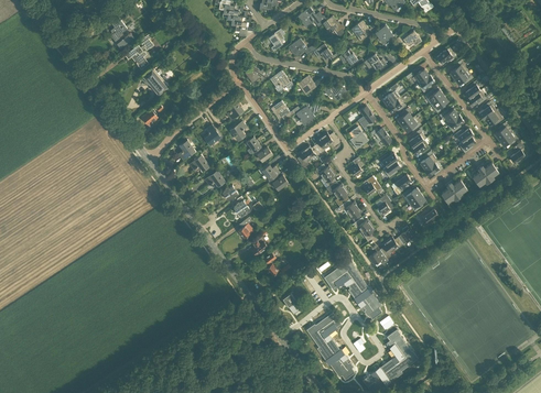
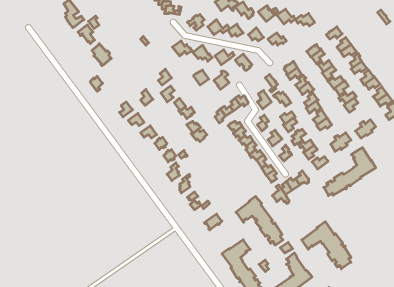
building: none -> [324,148,376,196]
building: none -> [302,222,351,269]

